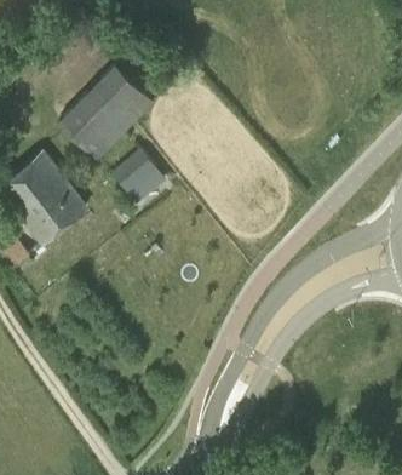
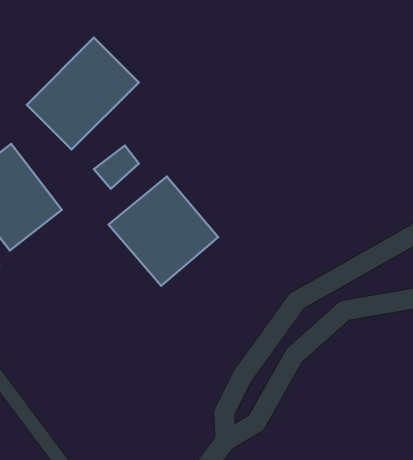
building: none -> [109,176,218,286]

